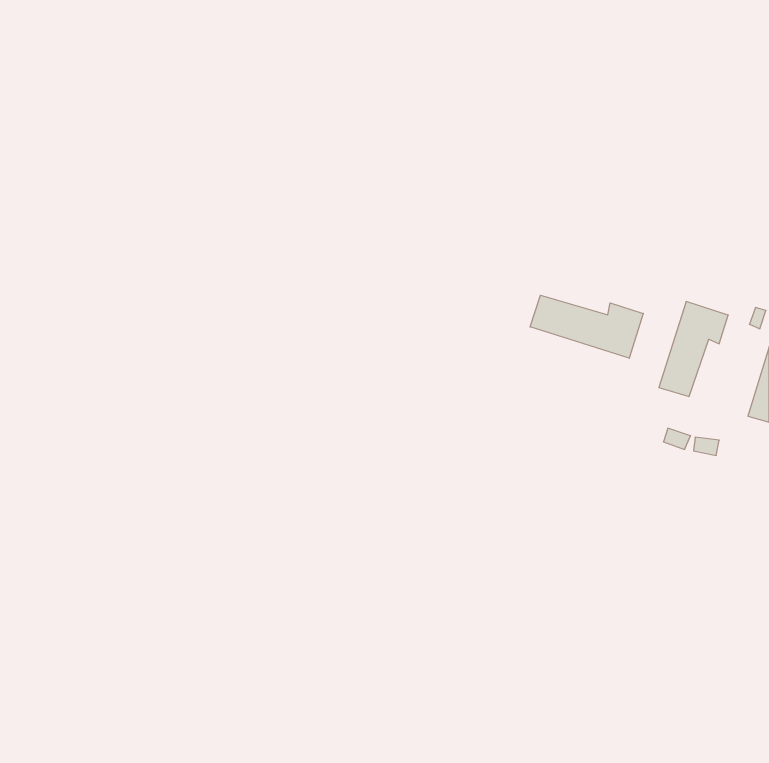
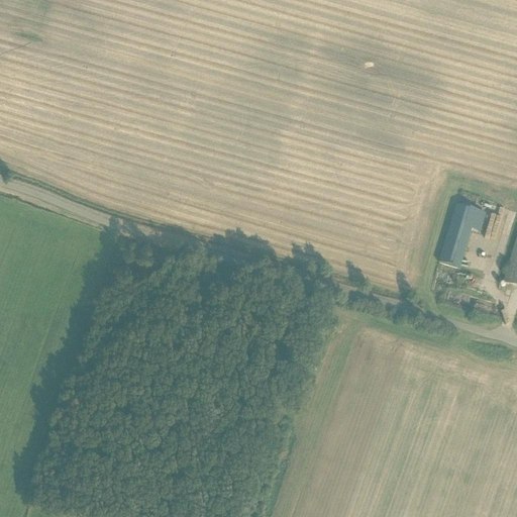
building: [530,295,643,358] -> none

